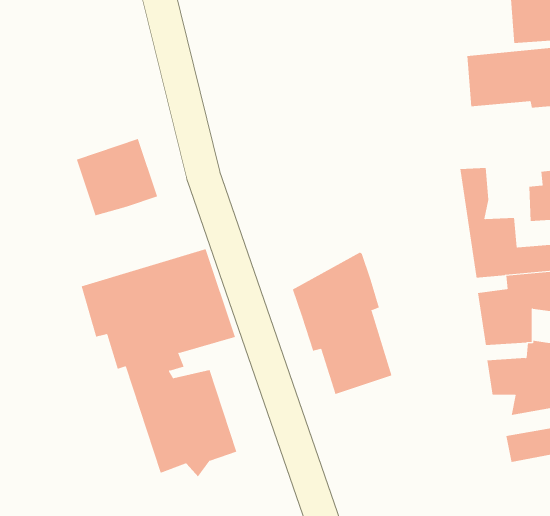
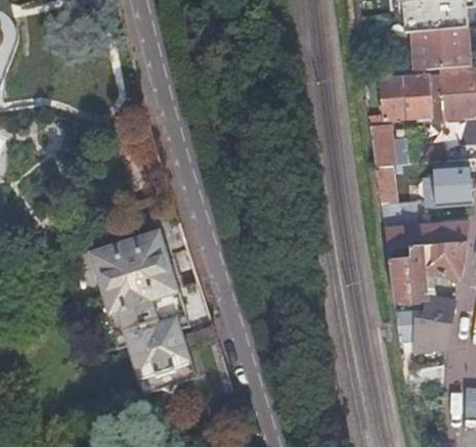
building: none -> [367,123,403,166]
building: [76,138,158,216] -> none
building: [292,252,392,395] -> none

